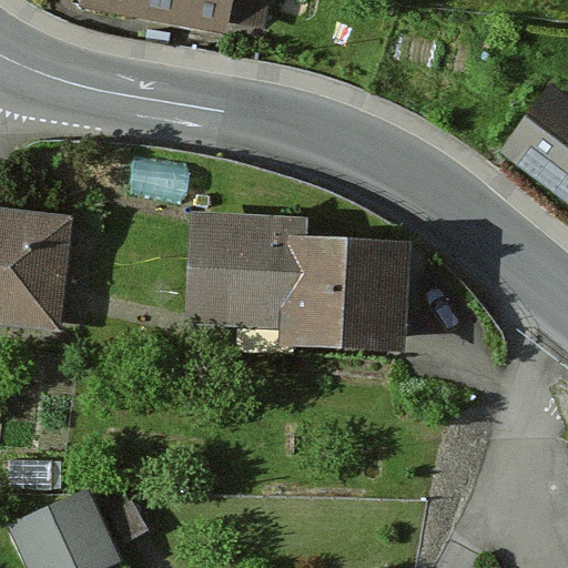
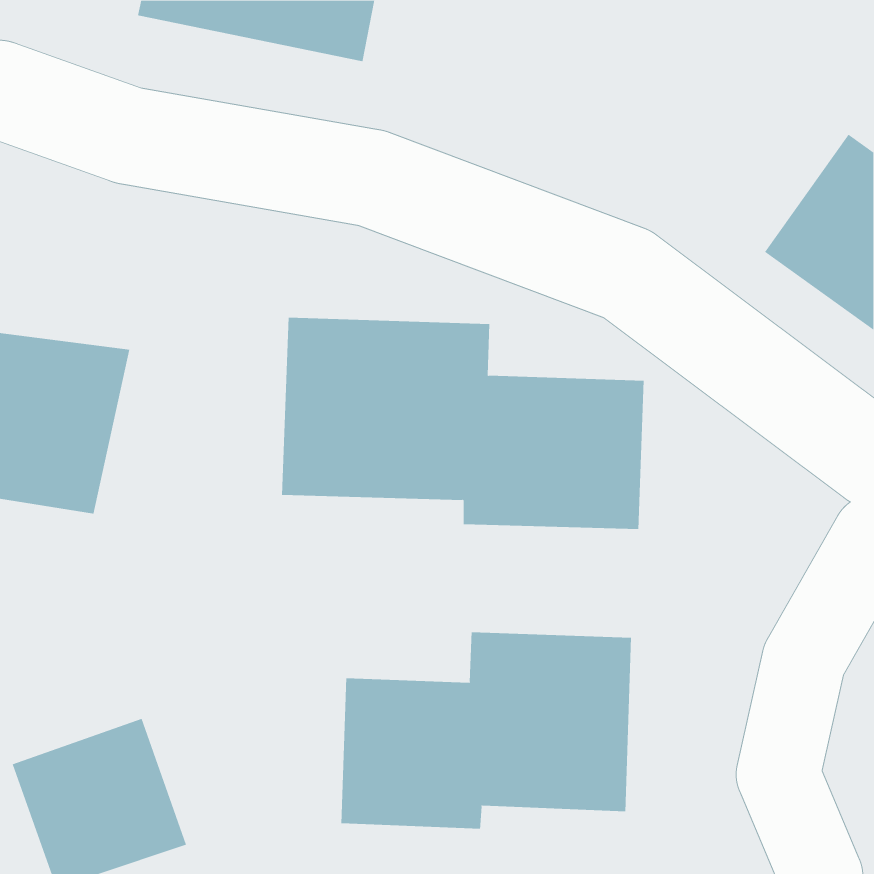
building: none -> [341,632,631,829]

